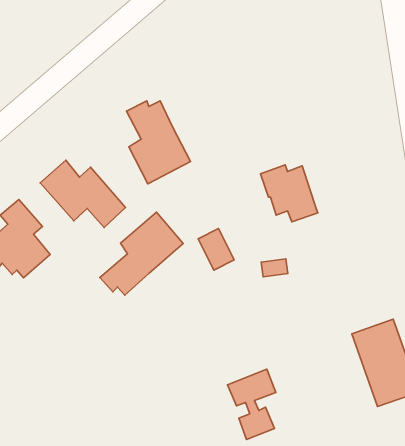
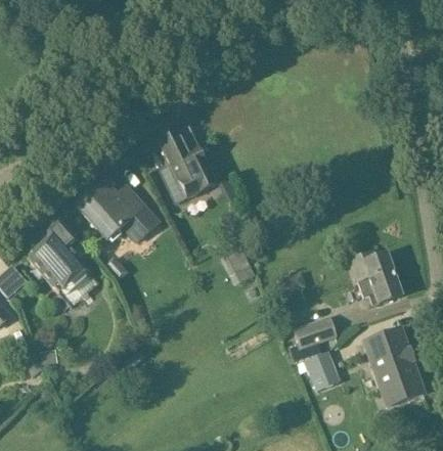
building: [261,165,318,222] -> [350,252,402,304]
building: [100,212,183,295] -> none
building: [228,369,276,440] -> [295,314,339,378]

